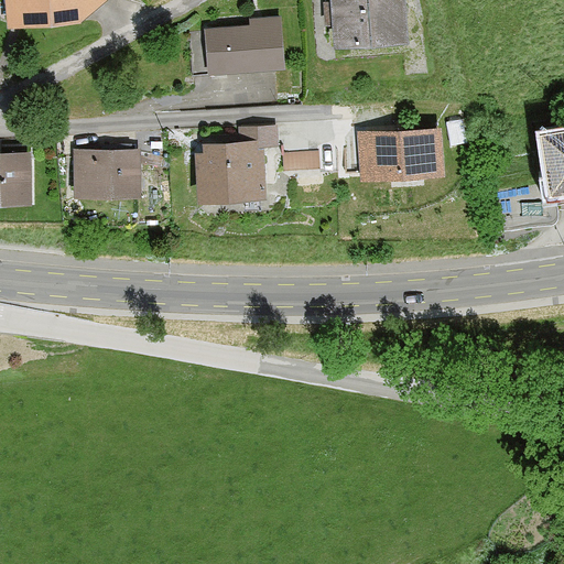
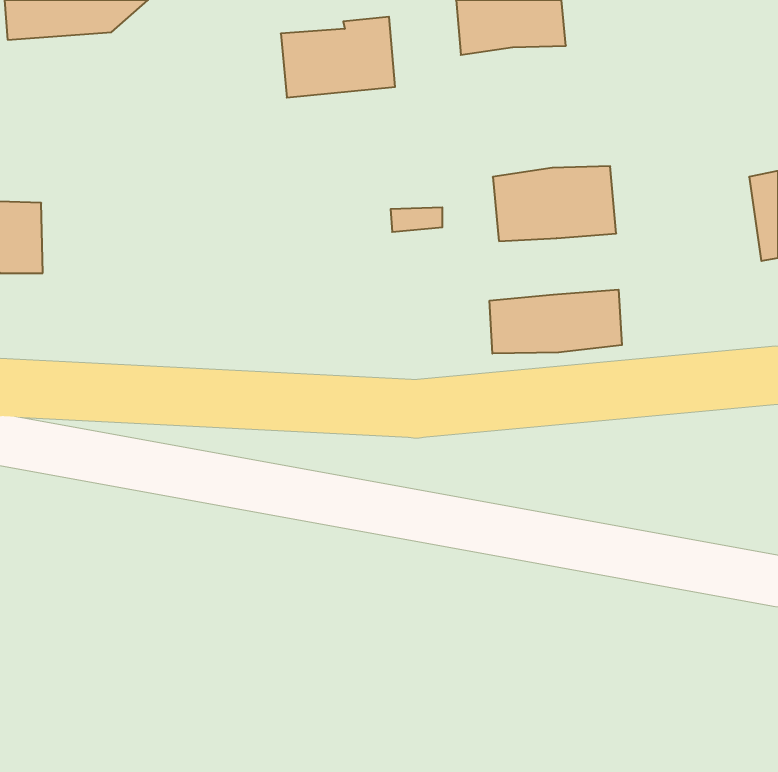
building: [194,127,278,200] -> none
building: [72,149,141,198] -> none
building: none -> [490,290,622,354]

